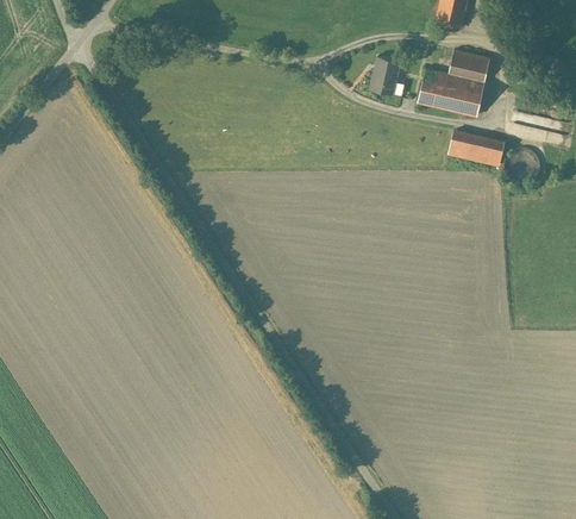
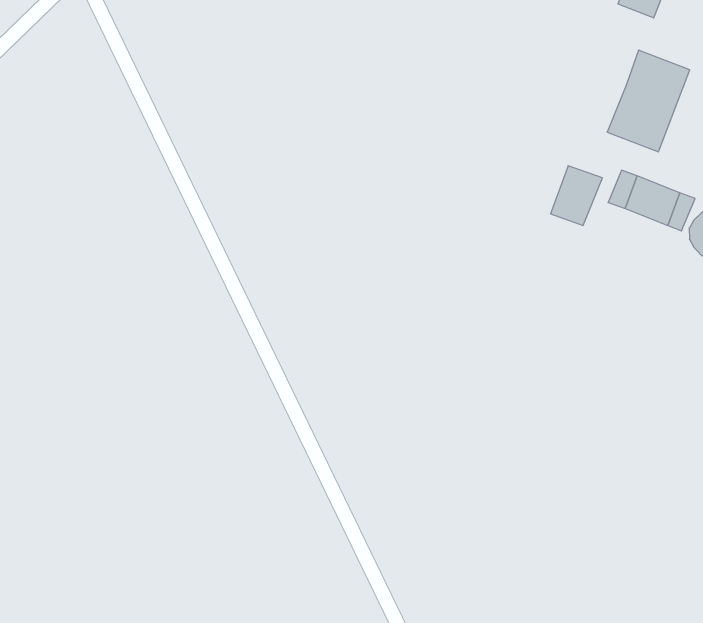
building: [370,57,400,94] -> none
building: [418,69,449,107] -> [551,166,602,226]

